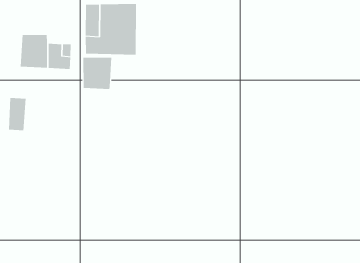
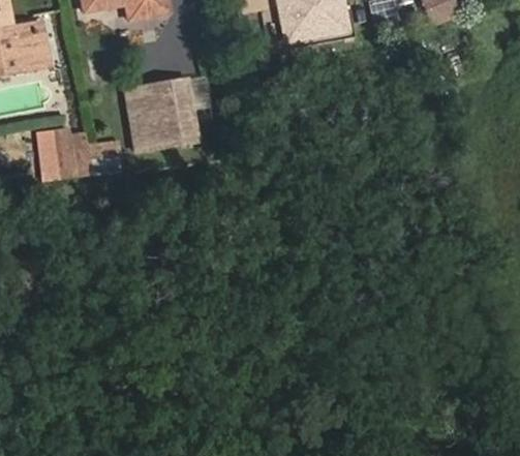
building: [83,57,112,90] -> none
building: [8,97,26,131] -> [34,140,59,181]

